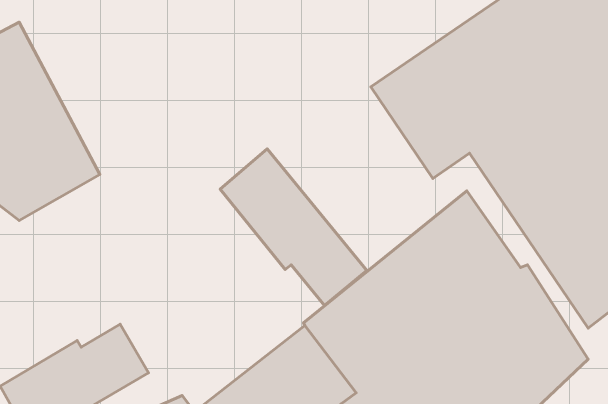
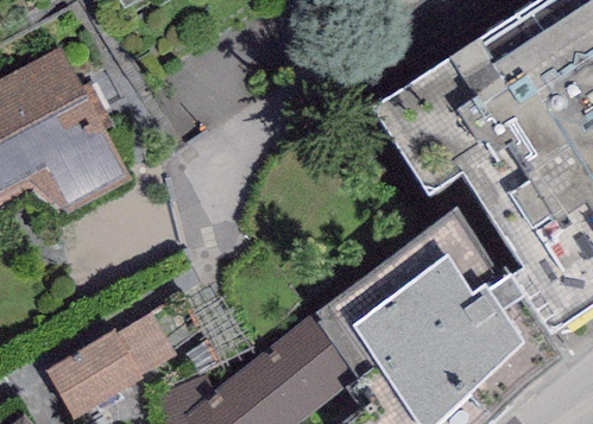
building: [220,149,367,305] -> none

